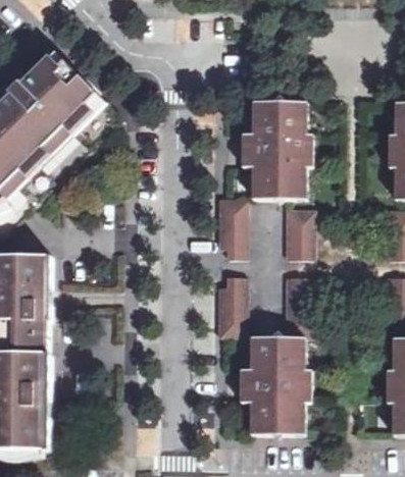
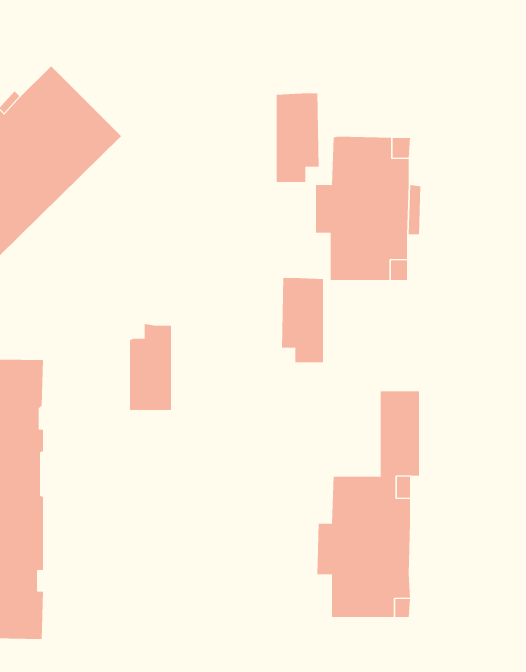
building: none -> [276,93,319,183]
building: [286,208,314,257] -> none
building: [217,274,247,334] -> [129,324,172,410]

